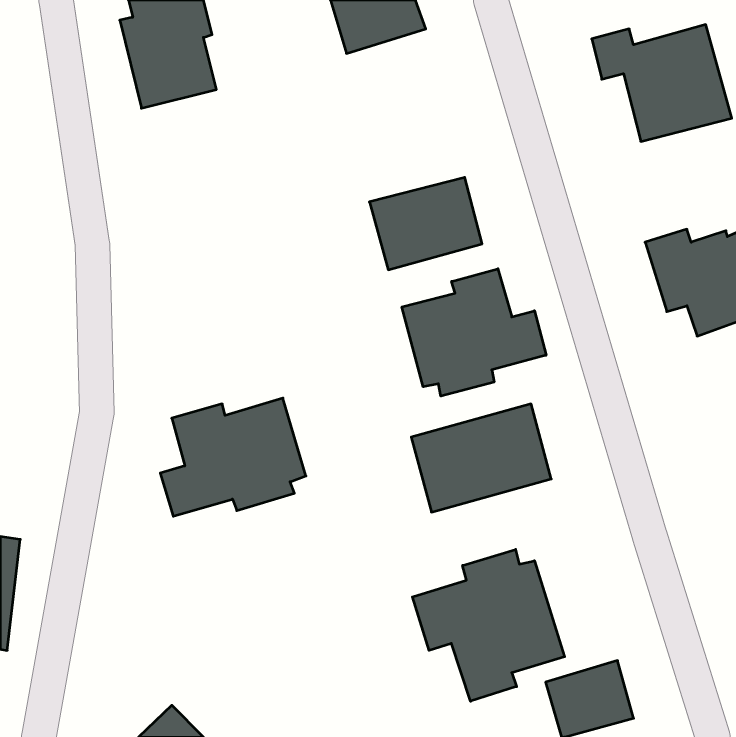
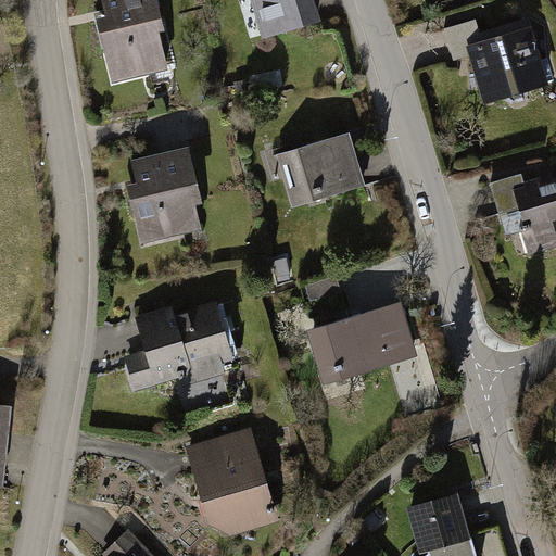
building: none -> [122,147,199,243]
building: [402,269,546,396] -> none
building: [412,549,565,701] -> none
building: none -> [188,428,280,542]

